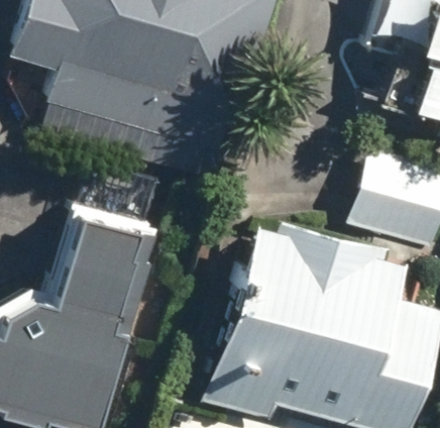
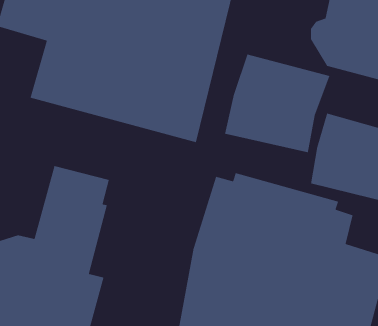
building: none -> [224,53,331,153]

